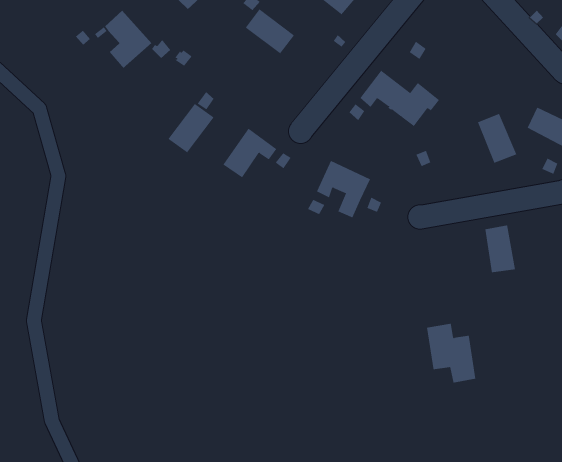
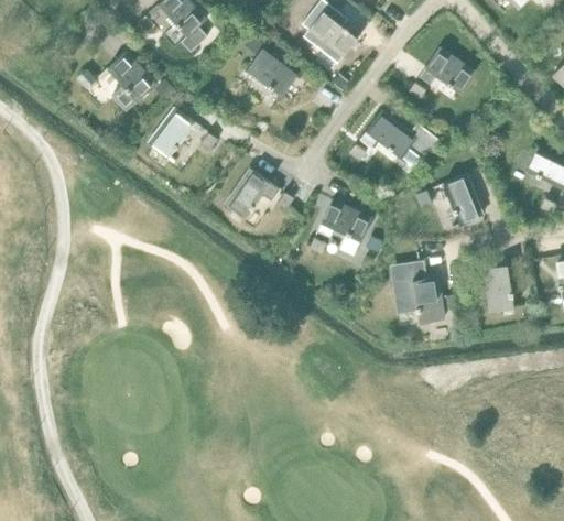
building: none -> [419,48,475,93]
building: [168,103,214,153] -> [148,108,194,158]
building: [477,113,517,163] -> [443,175,482,225]
building: [426,323,476,383] -> [393,264,443,324]

